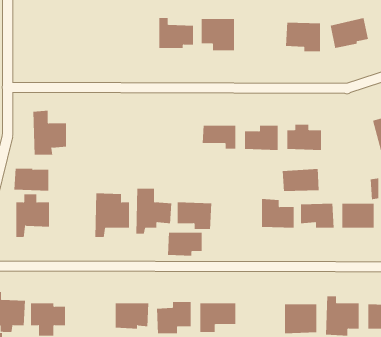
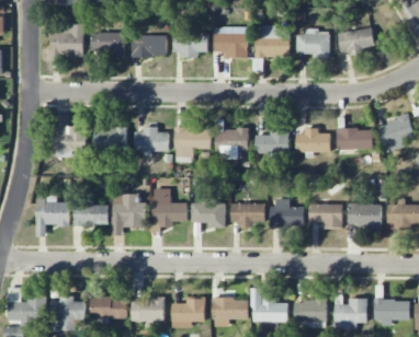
building: none -> [49,24,83,57]
building: none -> [254,27,290,57]
building: none -> [91,33,124,55]
building: none -> [132,35,166,57]
building: none -> [93,120,127,152]
building: none -> [134,127,169,158]
building: none -> [174,128,211,163]
building: [14,168,49,191] -> [73,205,107,226]
building: [282,169,320,192] -> [337,128,373,150]
building: [167,232,202,256] -> [230,204,264,226]
building: none -> [251,288,287,323]
building: none -> [90,298,126,318]

